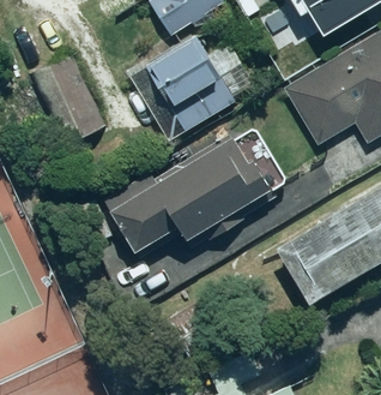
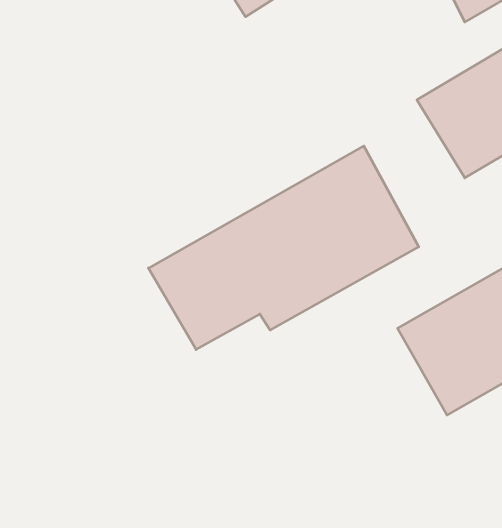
building: [147,38,237,133] -> none
building: [32,55,102,143] -> none

